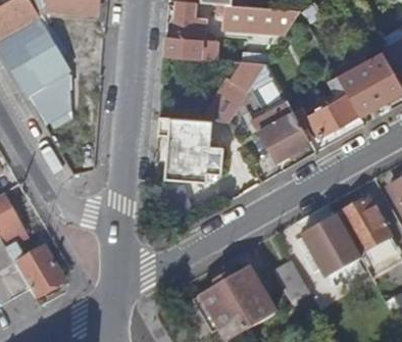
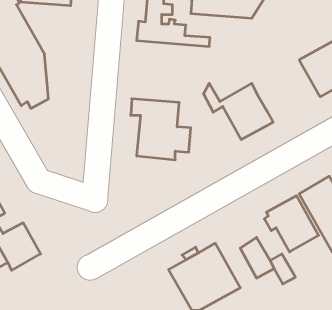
building: [213,61,266,121] -> none
building: [293,76,358,136] -> none

